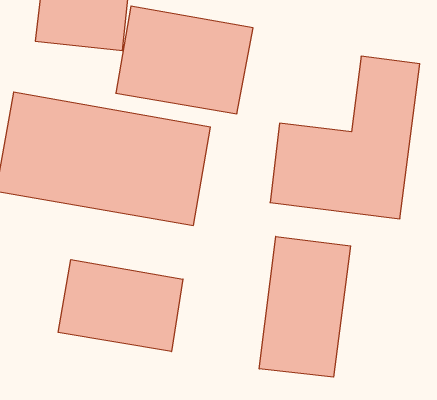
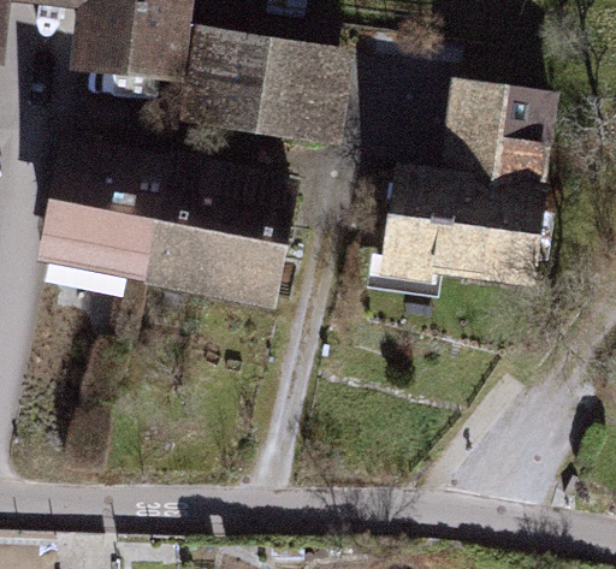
building: [259,236,351,377] -> none
building: [58,260,183,352] -> none

